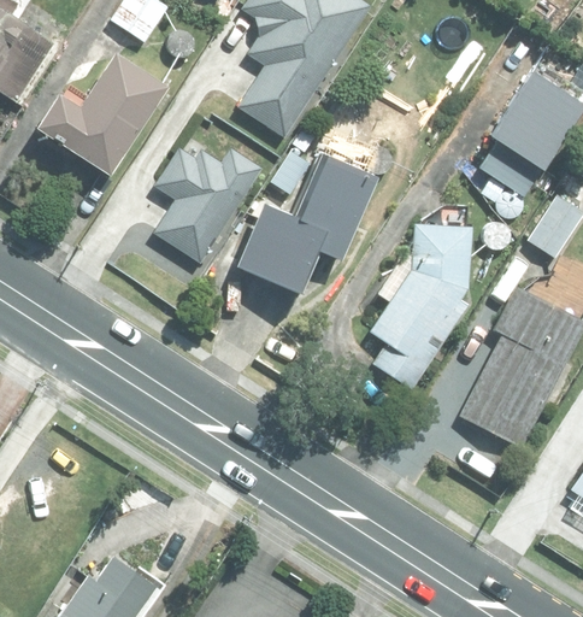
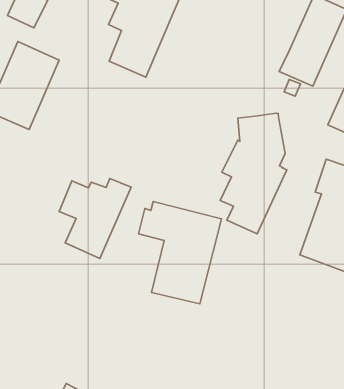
building: [228,143,371,286] -> none
building: [158,149,263,263] -> [59,178,131,258]
building: none -> [138,202,222,304]

